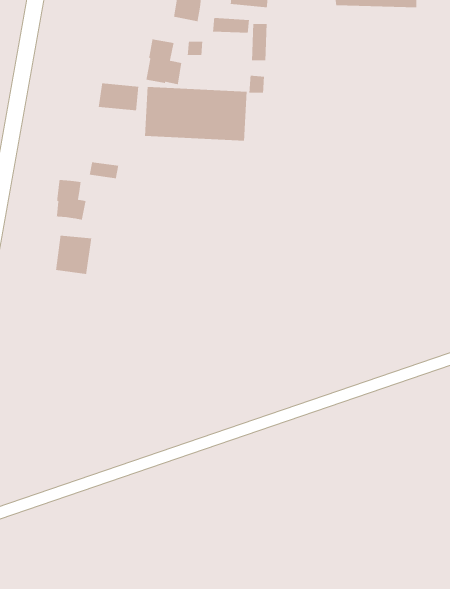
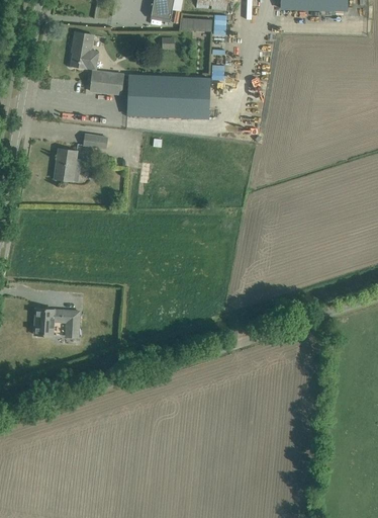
building: [146,39,182,85] -> [70,32,99,70]
building: [55,235,92,275] -> none
building: none -> [33,309,79,337]

